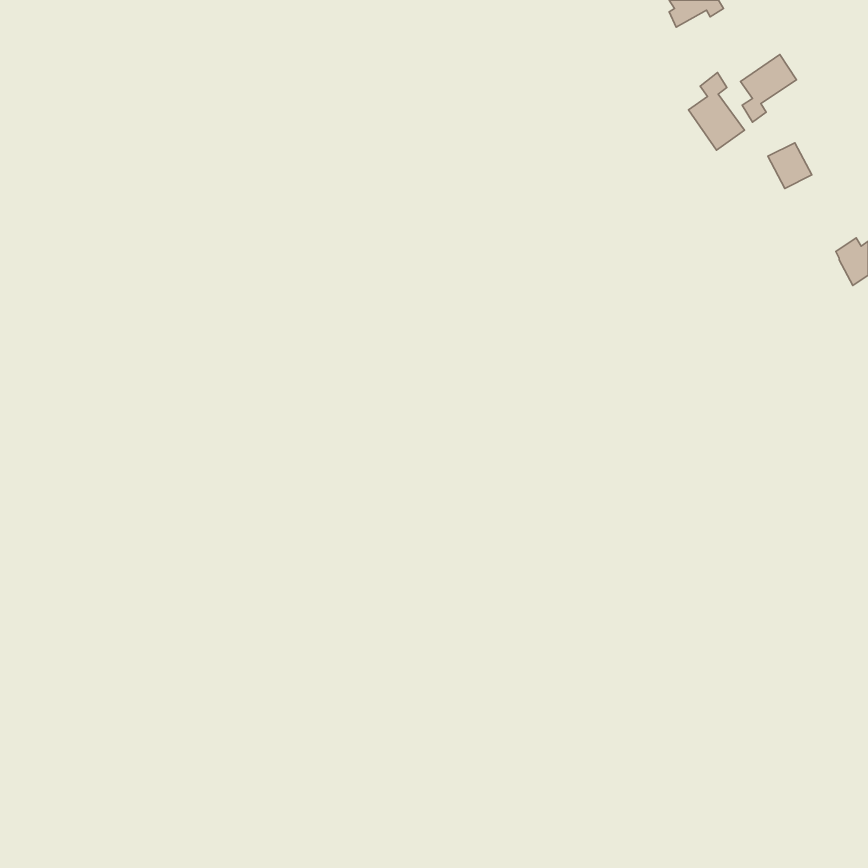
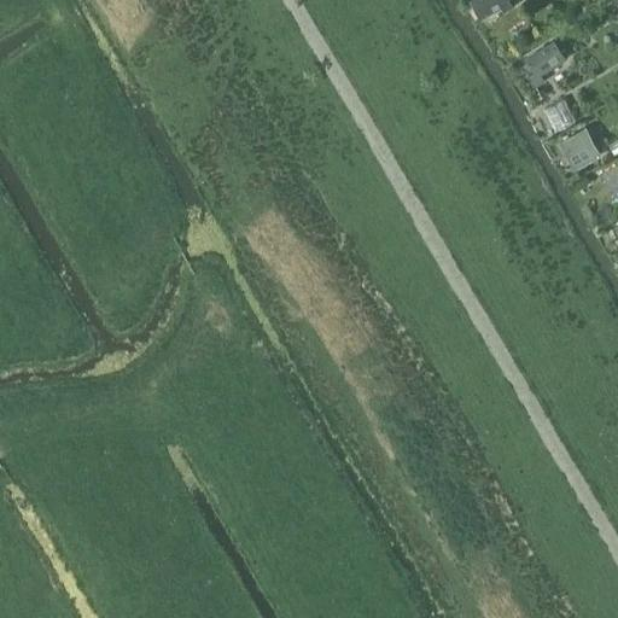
building: [688,73,744,150] -> none
building: none -> [560,127,602,169]

